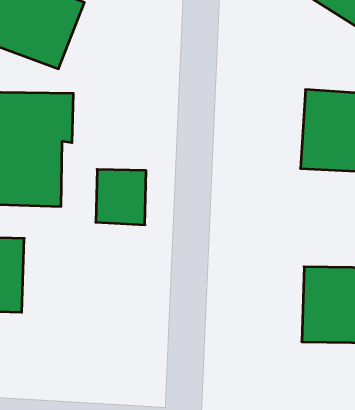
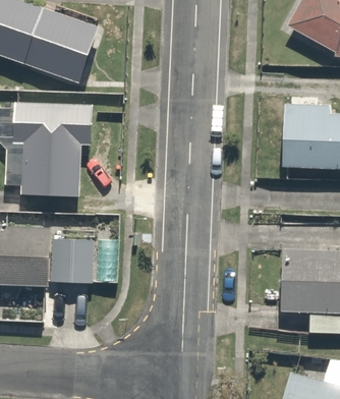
building: [96,169,146,225] -> [51,234,93,280]

